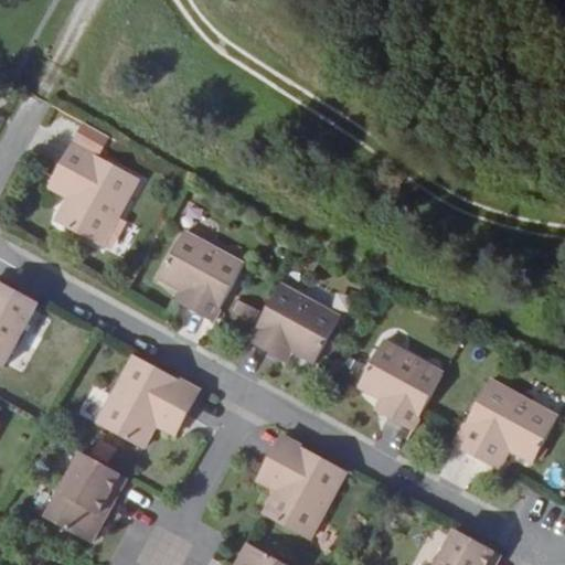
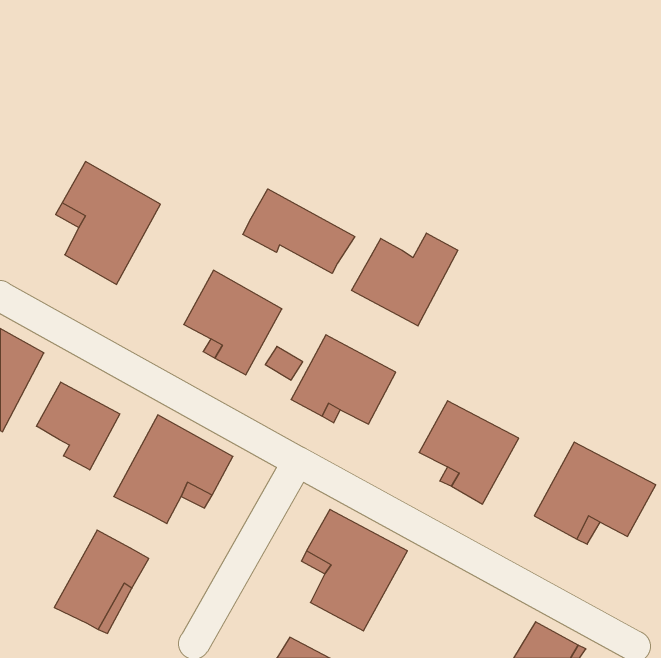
building: none -> [243,189,355,273]
building: none -> [352,233,458,326]
building: none -> [36,382,120,470]

